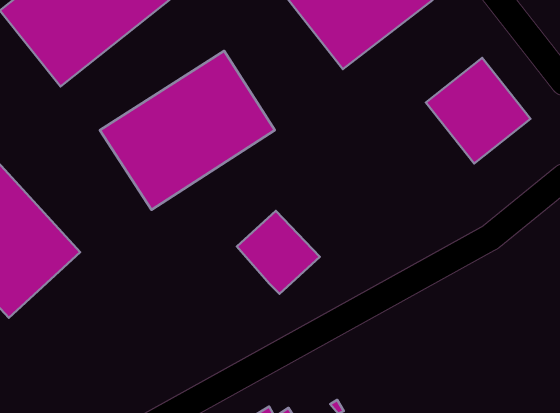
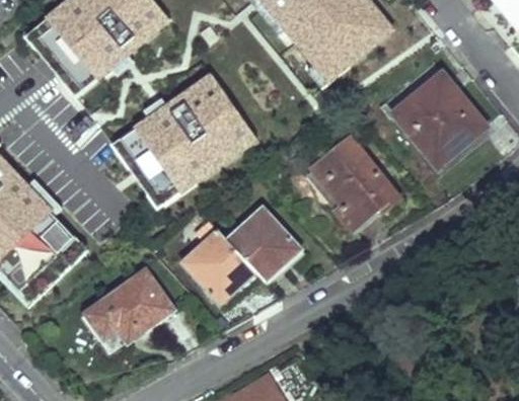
building: none -> [311,138,400,230]
building: none -> [182,230,255,304]
building: none -> [86,270,174,342]

